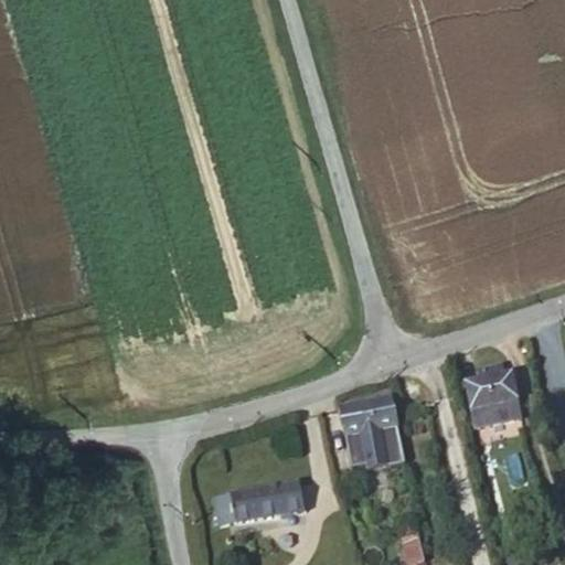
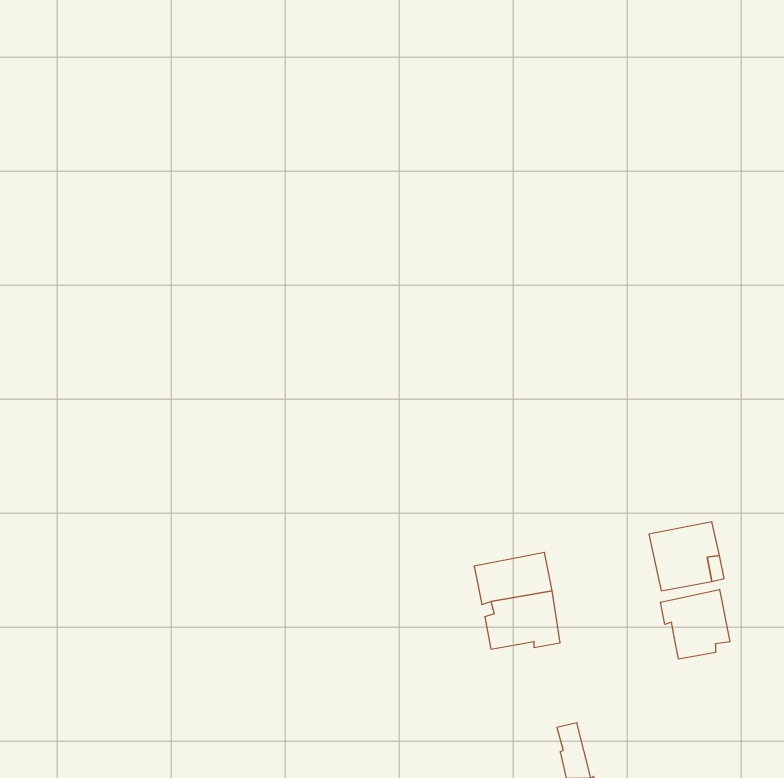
building: none -> [661,589,730,659]
building: [215,482,305,524] -> none

